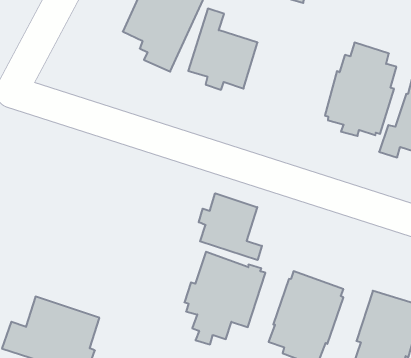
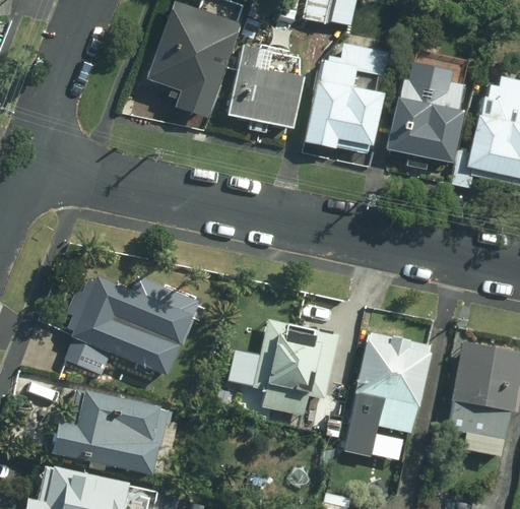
building: none -> [305,44,390,148]
building: [199,193,262,260] -> none
building: none -> [66,274,200,374]

